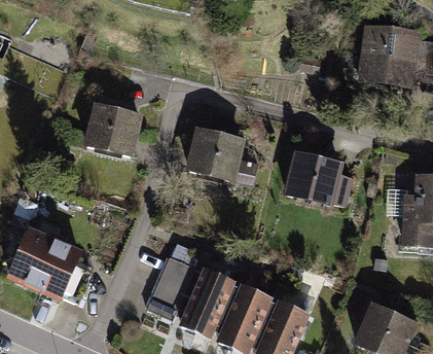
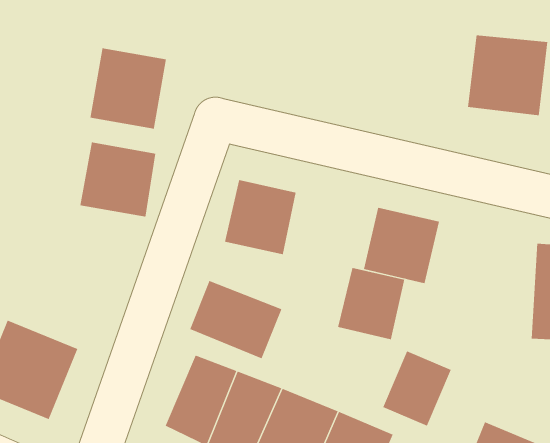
building: none -> [90,48,167,129]
building: none -> [337,267,405,340]
building: none -> [190,280,282,359]
building: none -> [383,351,451,426]

